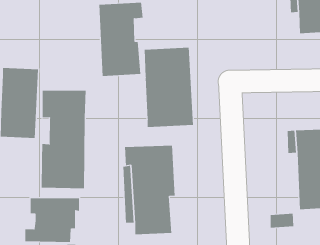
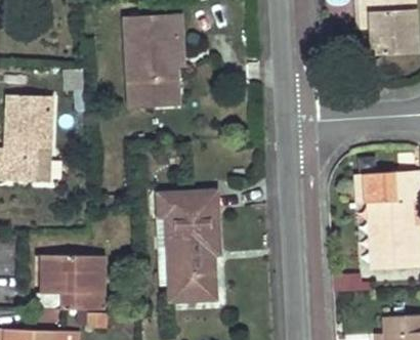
building: [144,47,193,128] -> none
building: [41,90,86,189] -> none

